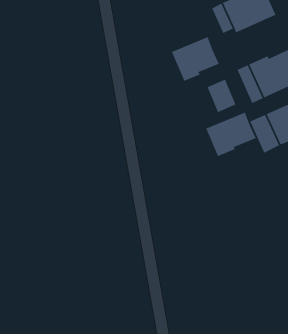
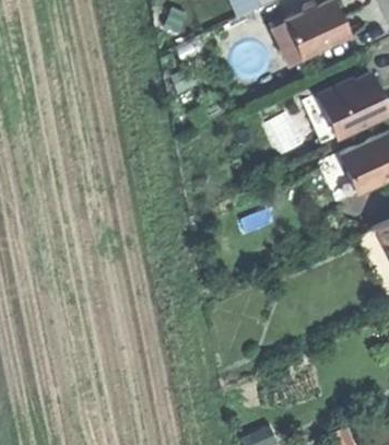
building: [171,36,220,82] -> none
building: [205,111,257,157] -> none

